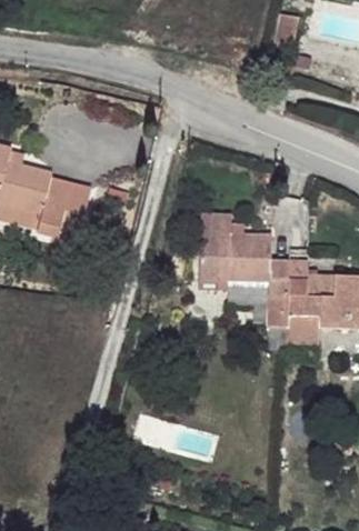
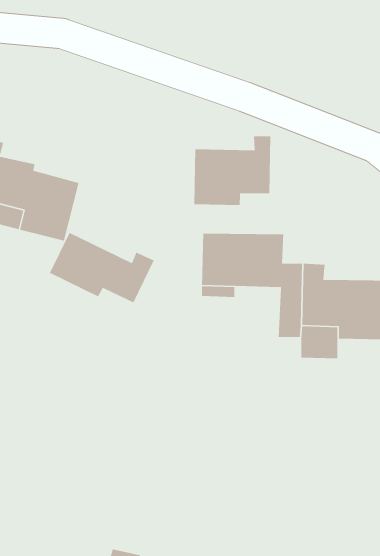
building: none -> [193,135,271,206]
building: none -> [49,232,155,303]

